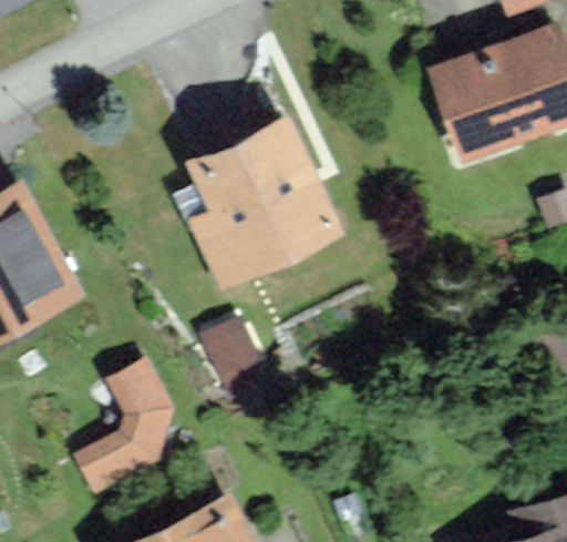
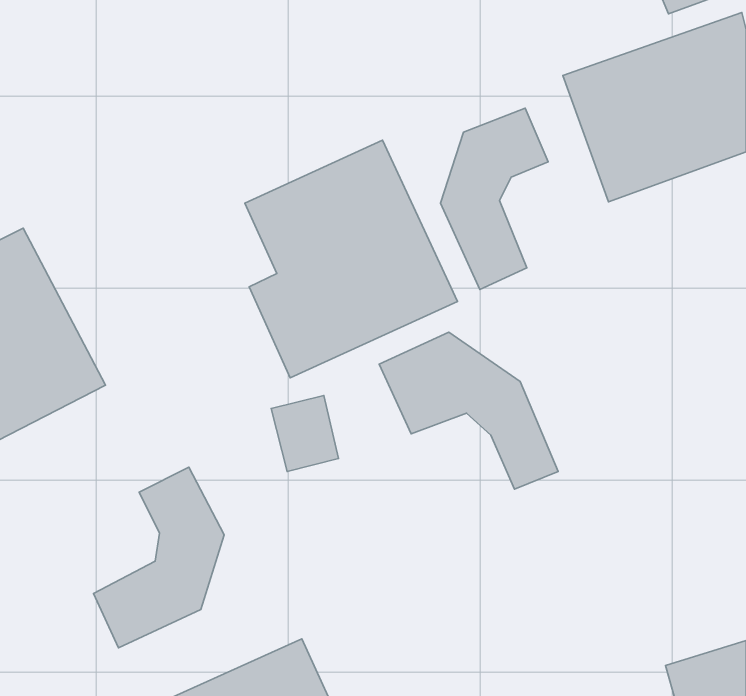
building: none -> [441,108,548,289]
building: none -> [379,332,558,489]

